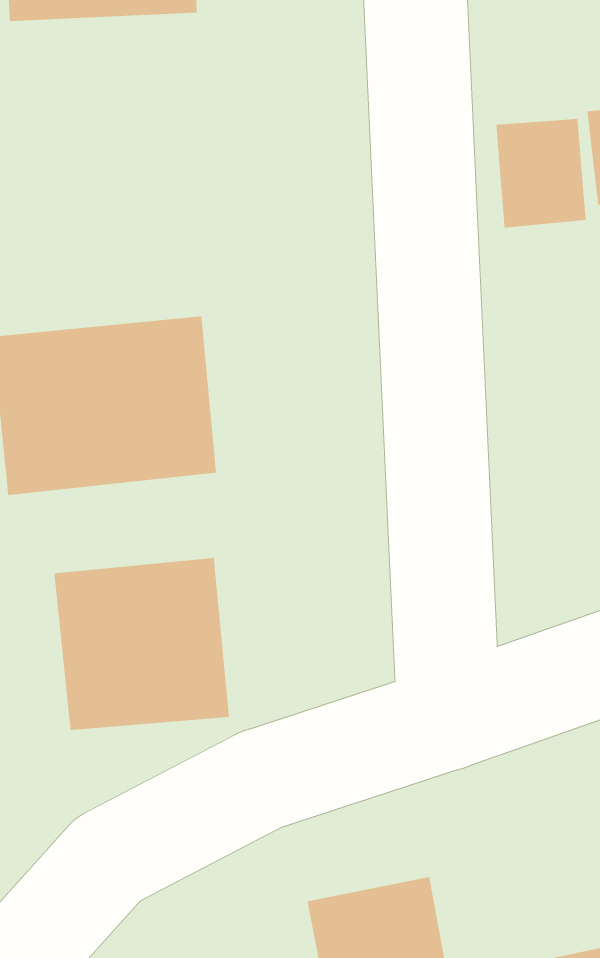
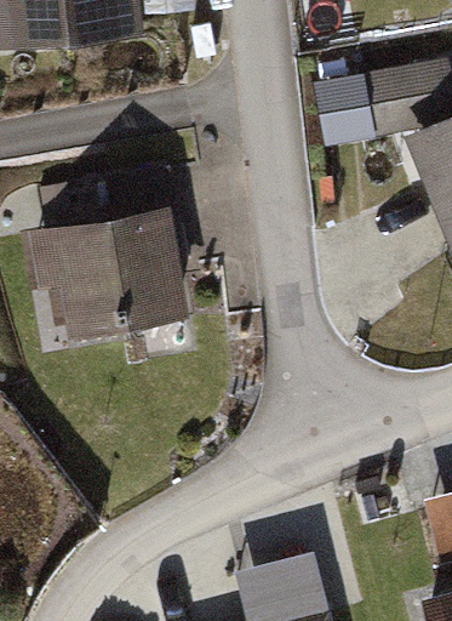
building: [54,557,230,731] -> none

